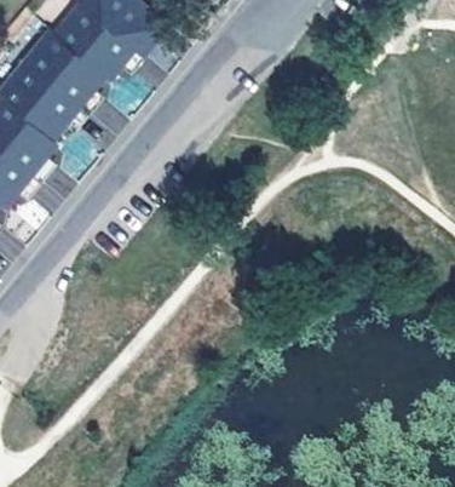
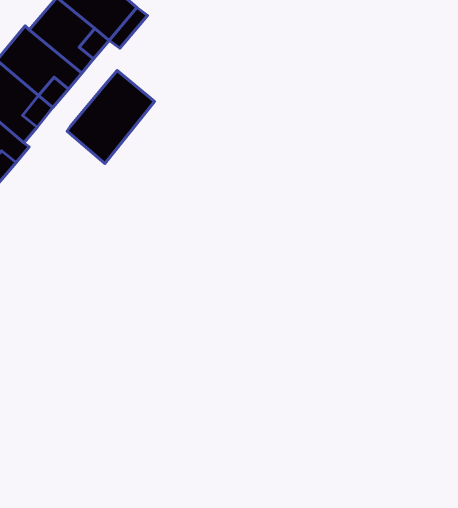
building: none -> [67,71,155,163]

